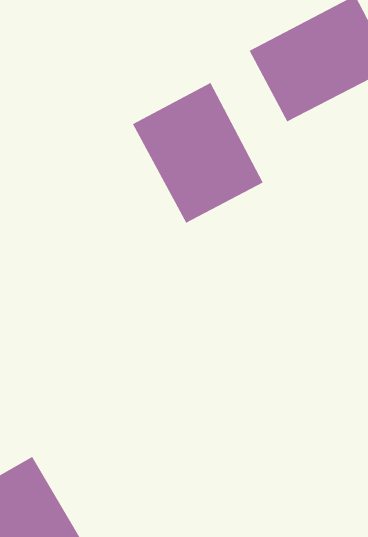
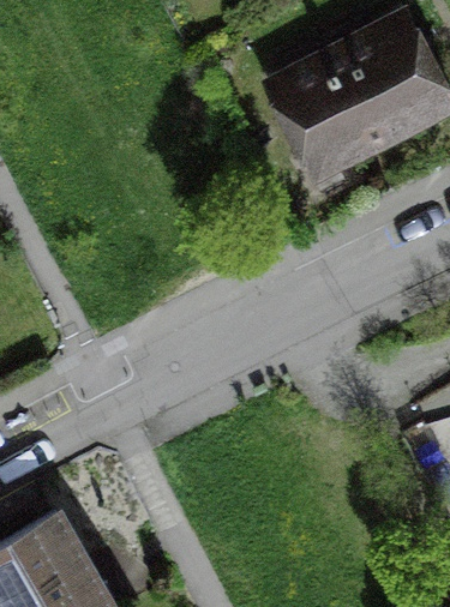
building: [132,82,264,224] -> none

